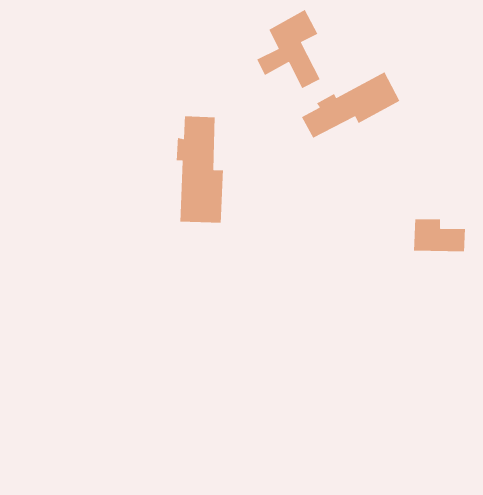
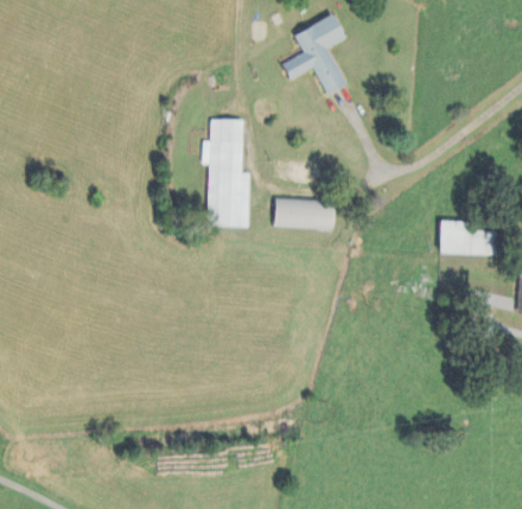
building: [301,71,401,139] -> none
building: none -> [274,197,333,229]

